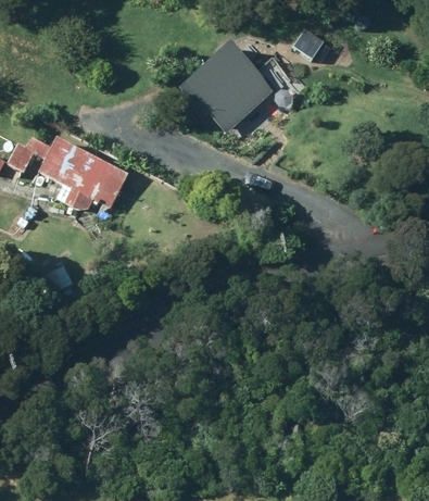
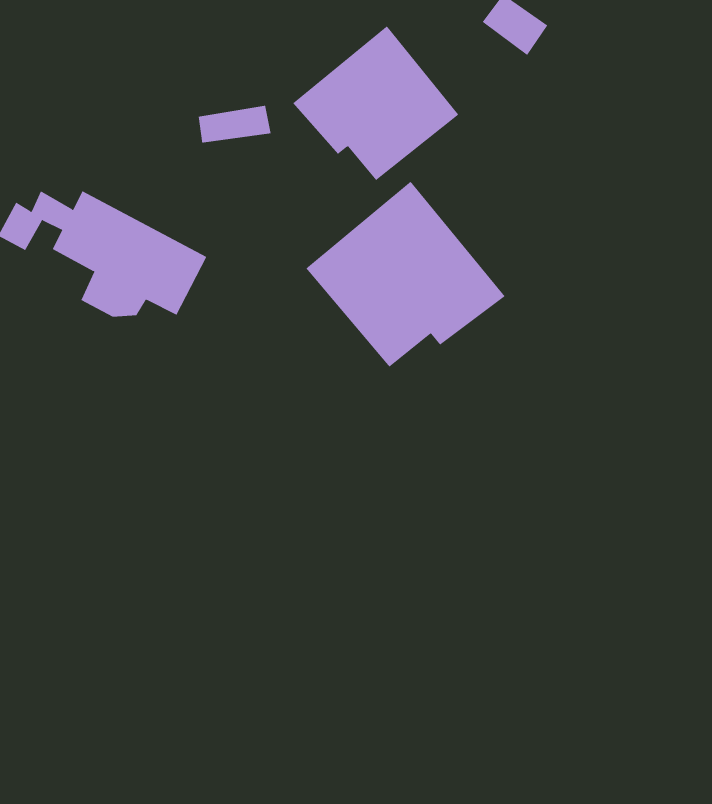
building: none -> [306,181,506,368]

